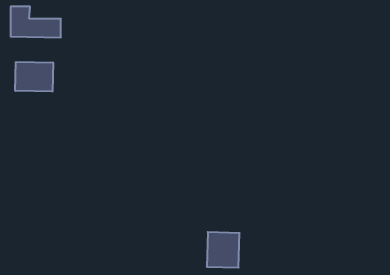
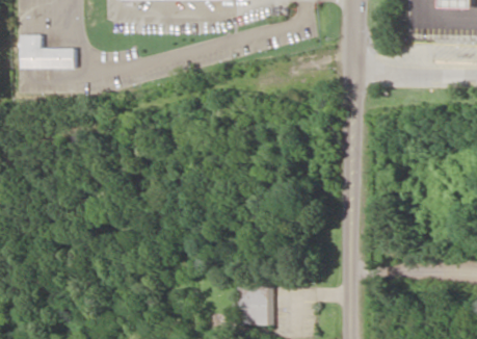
building: [15,62,53,92] -> none

